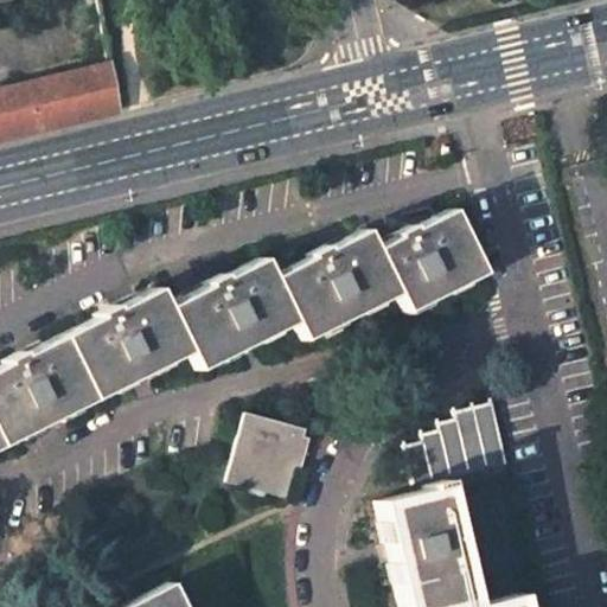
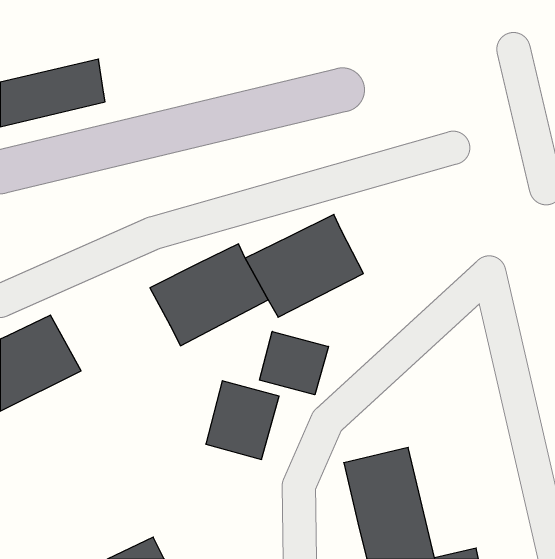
building: [375,212,483,315] -> none
building: [59,293,189,402] -> none
building: none -> [260,331,328,395]
building: [405,402,507,486] -> none

